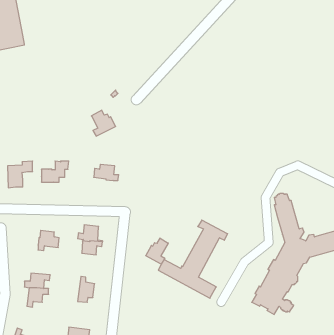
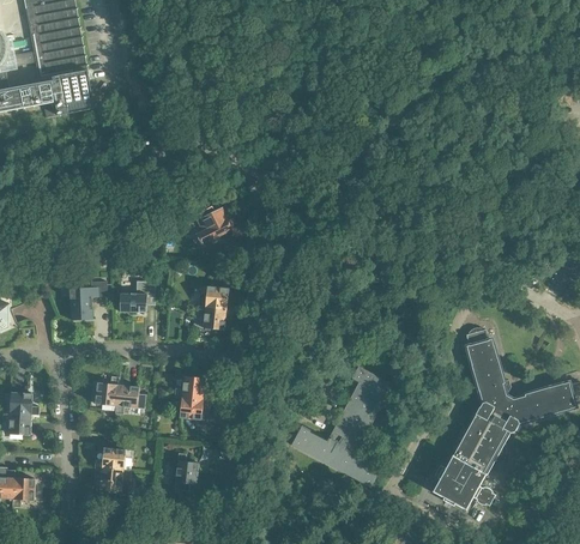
building: none -> [197,304,226,330]
building: none -> [95,375,120,405]
building: [146,238,168,264] -> none

